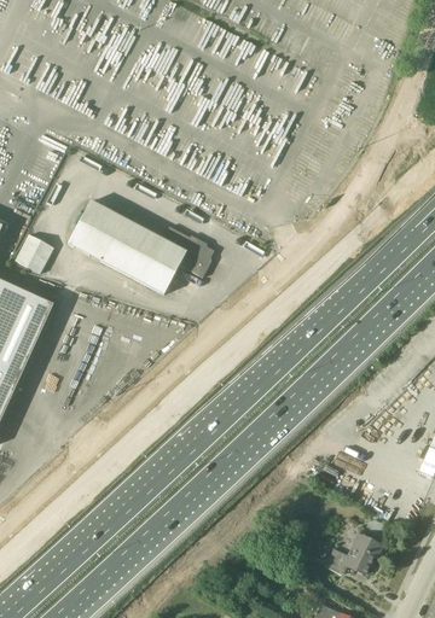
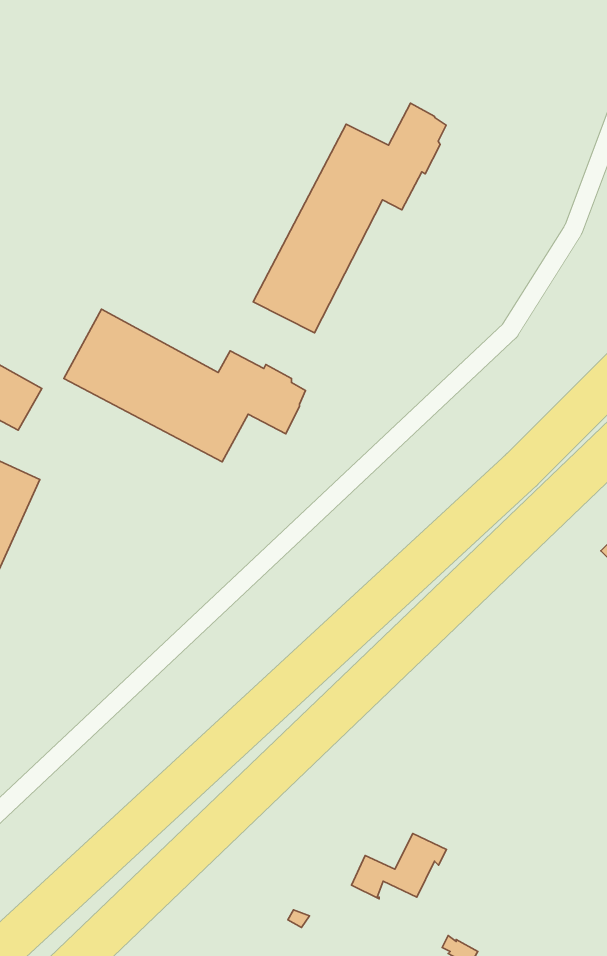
building: none -> [253,103,446,333]
building: [325,535,383,575] -> [351,834,446,899]

